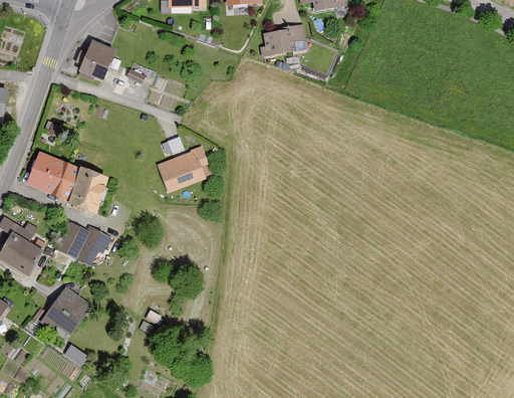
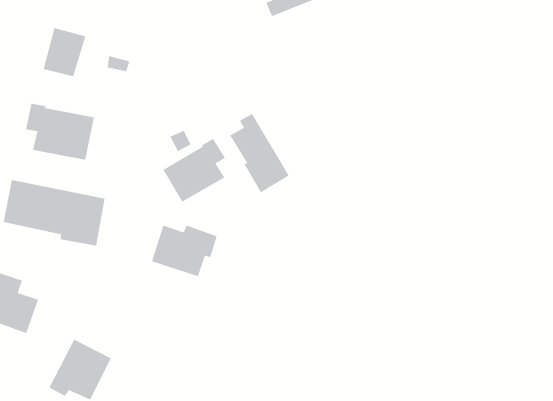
building: none -> [25,103,94,161]
building: none -> [229,113,290,193]
building: [56,220,111,265] -> [151,225,217,277]

